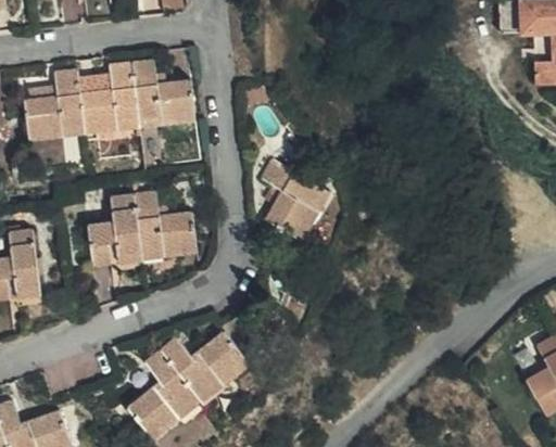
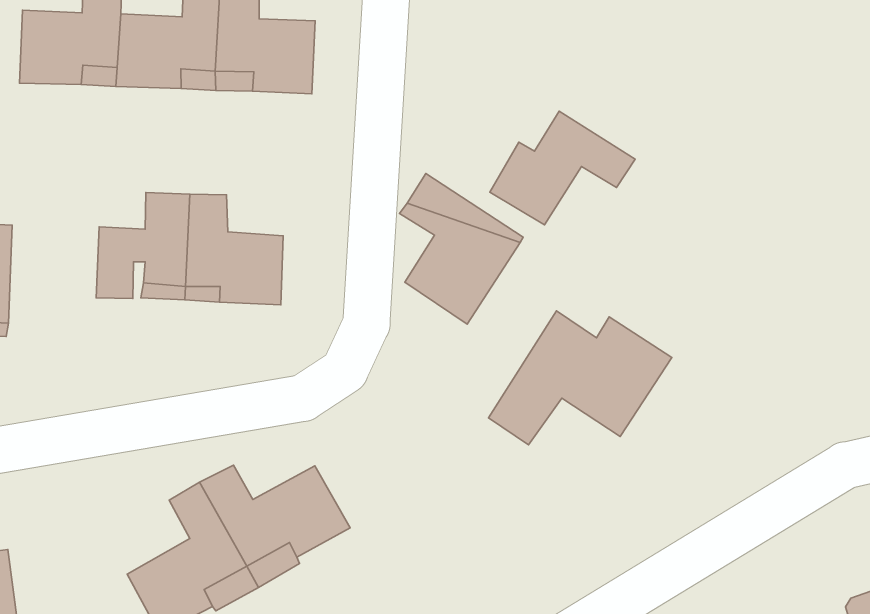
building: none -> [490,111,635,225]
building: none -> [489,311,672,445]

